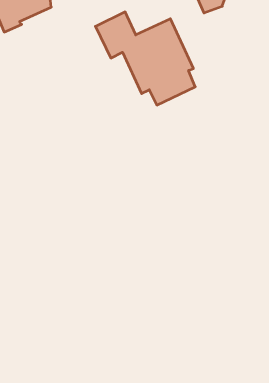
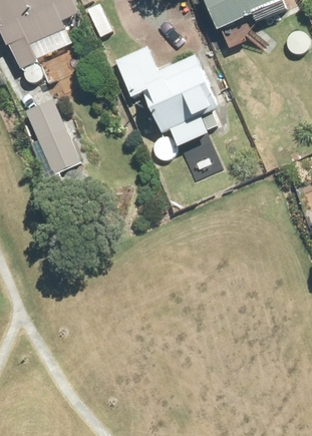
building: none -> [29,127,80,191]

